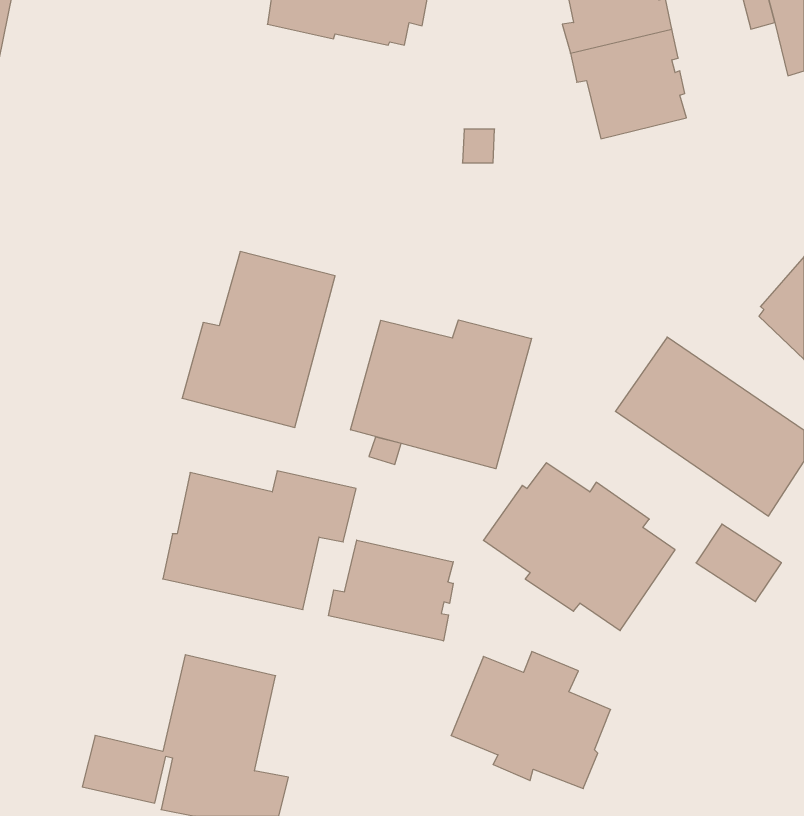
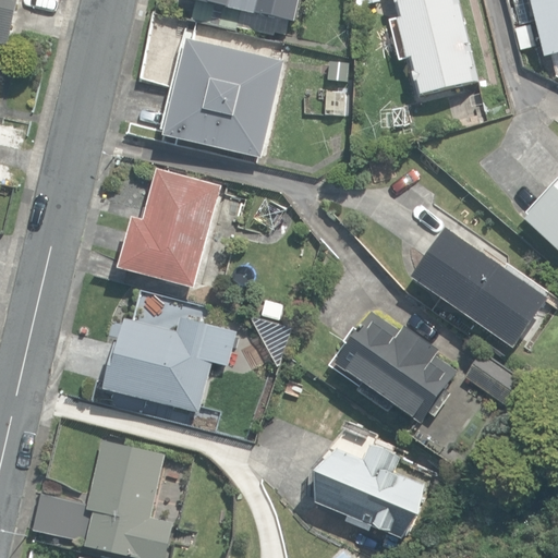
building: none -> [153,33,272,153]
building: [351,320,532,469] -> none
building: [329,540,453,641] -> none

